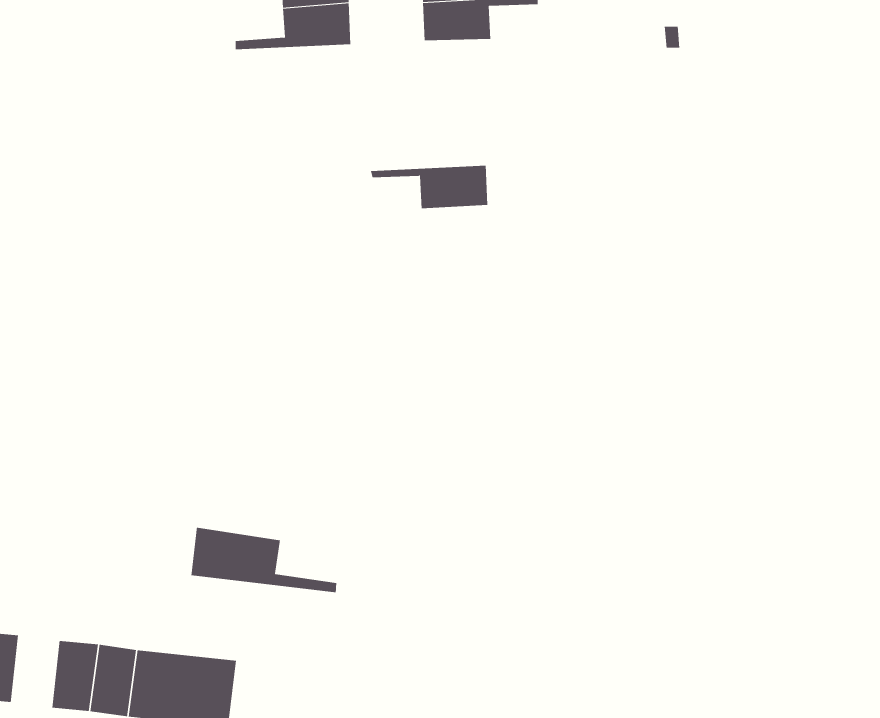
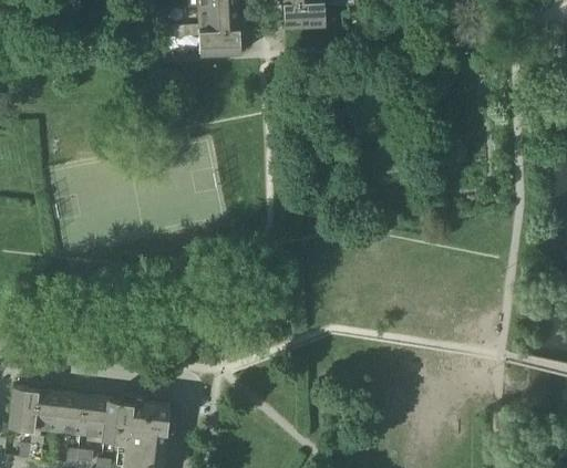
building: [370,165,488,209] -> [168,30,240,56]
building: [191,527,337,593] -> none
building: none -> [32,389,61,434]

